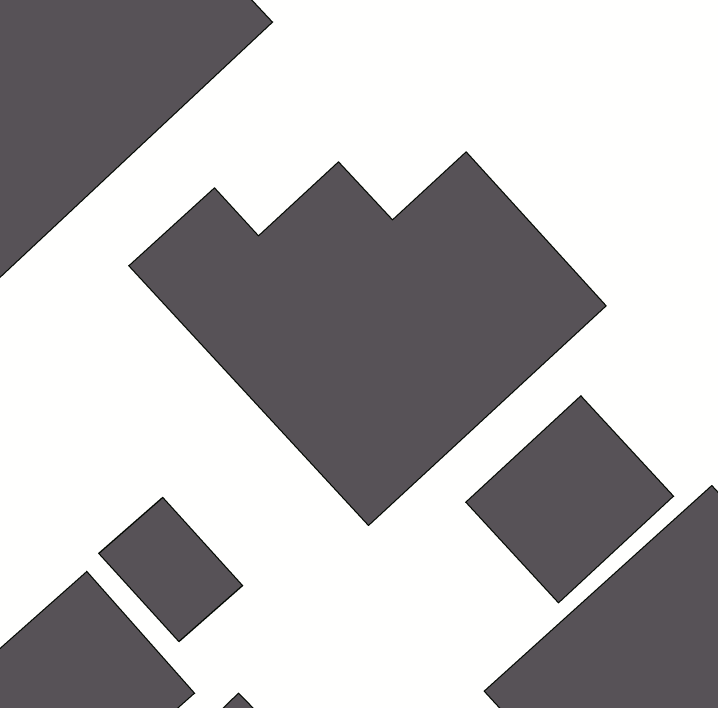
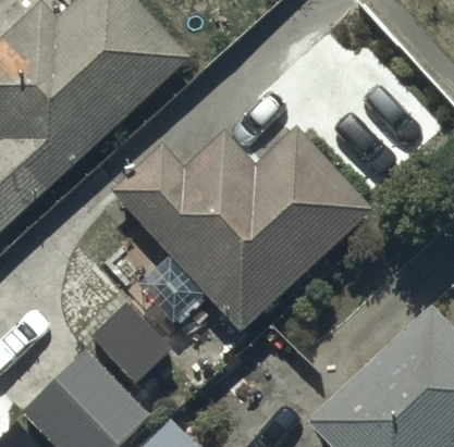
building: [466,396,674,603] -> none

